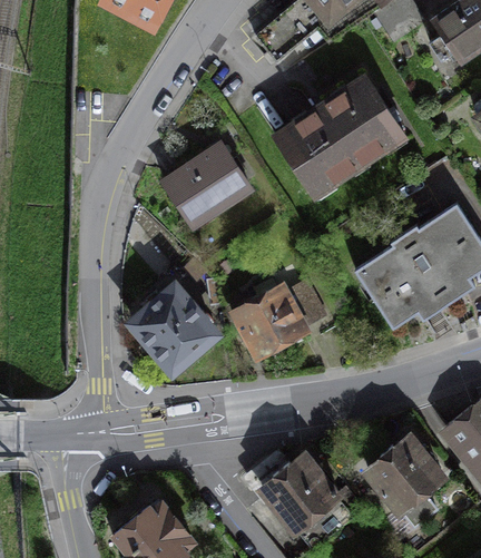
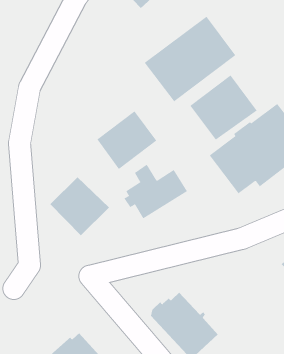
building: [165,145,248,225] -> [96,110,157,170]
building: none -> [190,74,257,141]
building: [367,437,441,510] -> none

